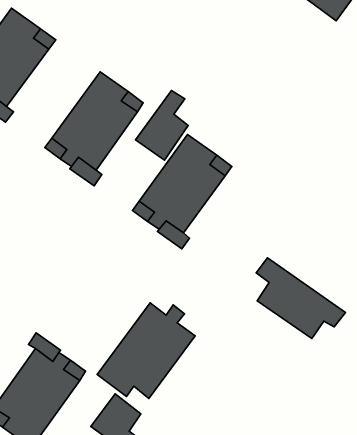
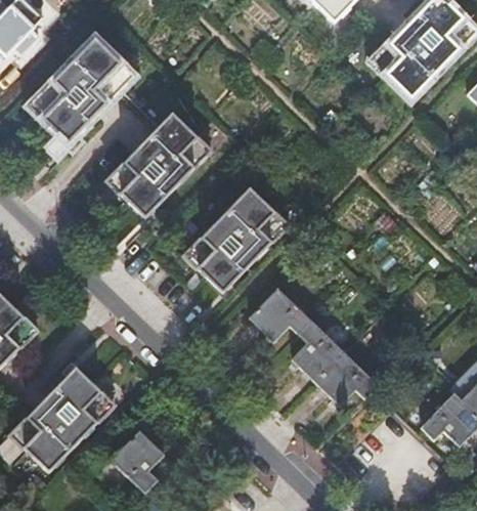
building: [136,91,188,160] -> none
building: none -> [249,289,309,342]
building: [97,303,195,399] -> none

